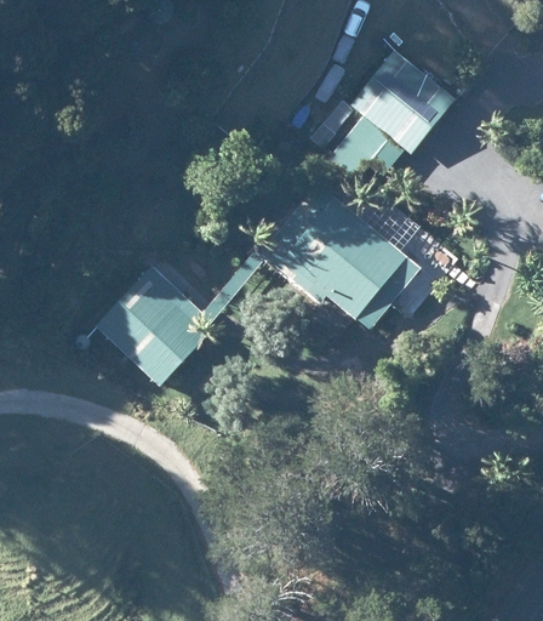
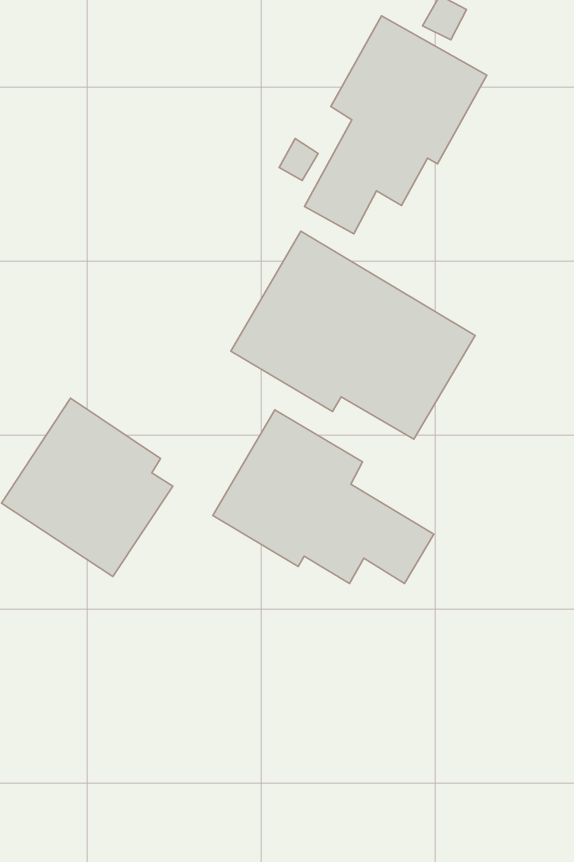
building: none -> [213,410,434,584]

